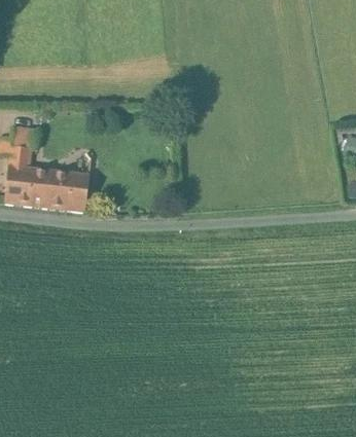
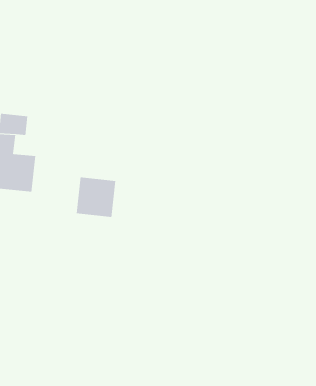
building: [48,168,90,209] -> [76,177,116,217]

